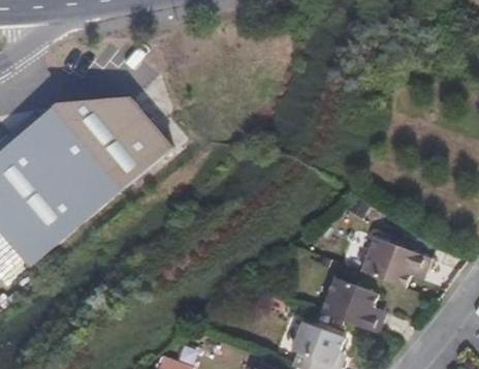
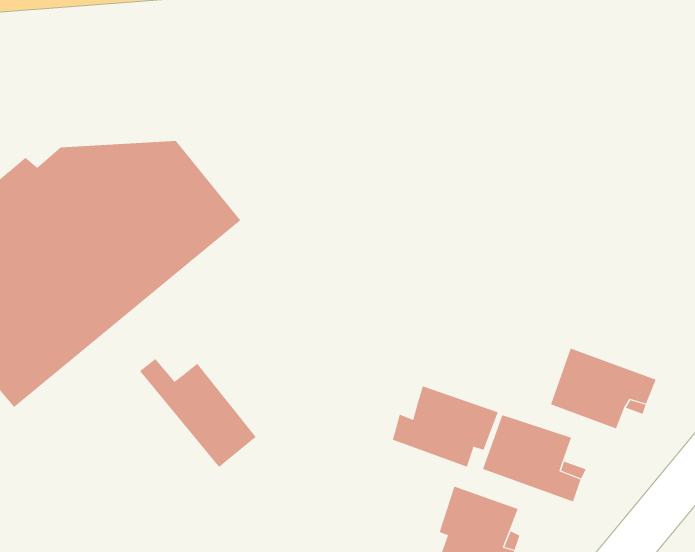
building: none -> [139,358,257,468]
building: none -> [392,386,498,467]

